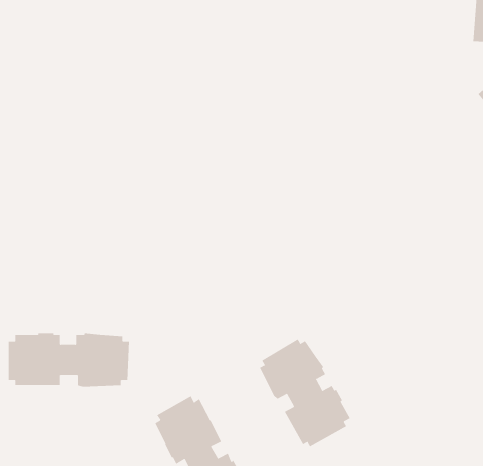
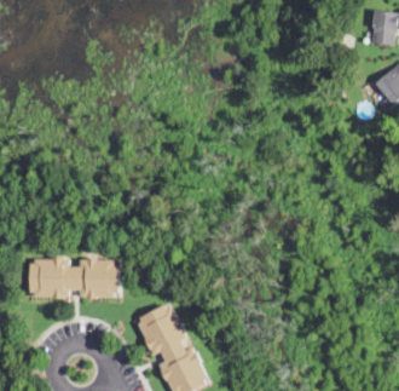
building: [260,338,350,447] -> none

